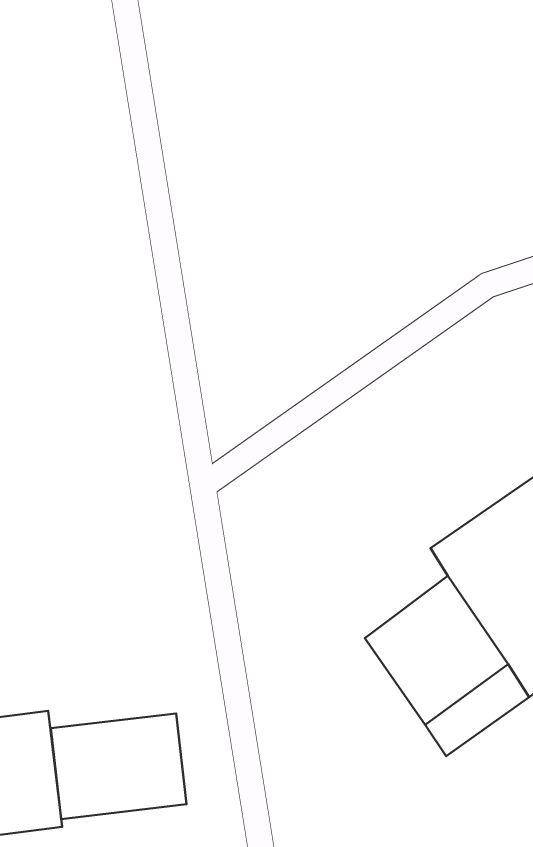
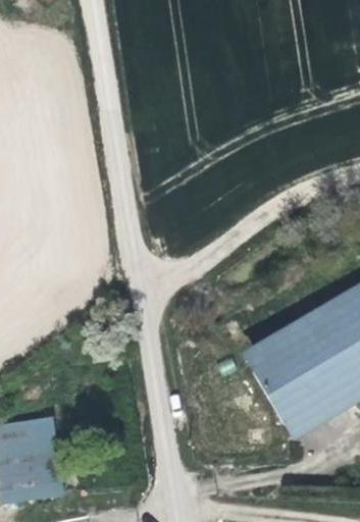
building: none -> [235,325,296,378]
building: [51,713,186,819] -> none

